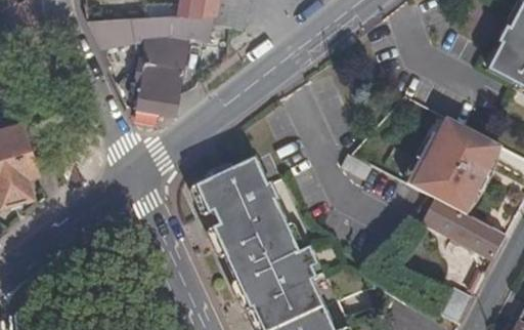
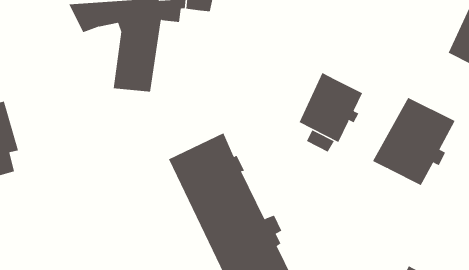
building: none -> [299,72,363,143]
building: [410,195,505,260] -> none

